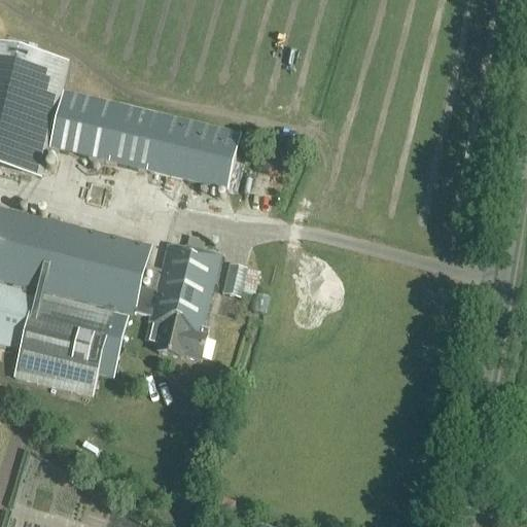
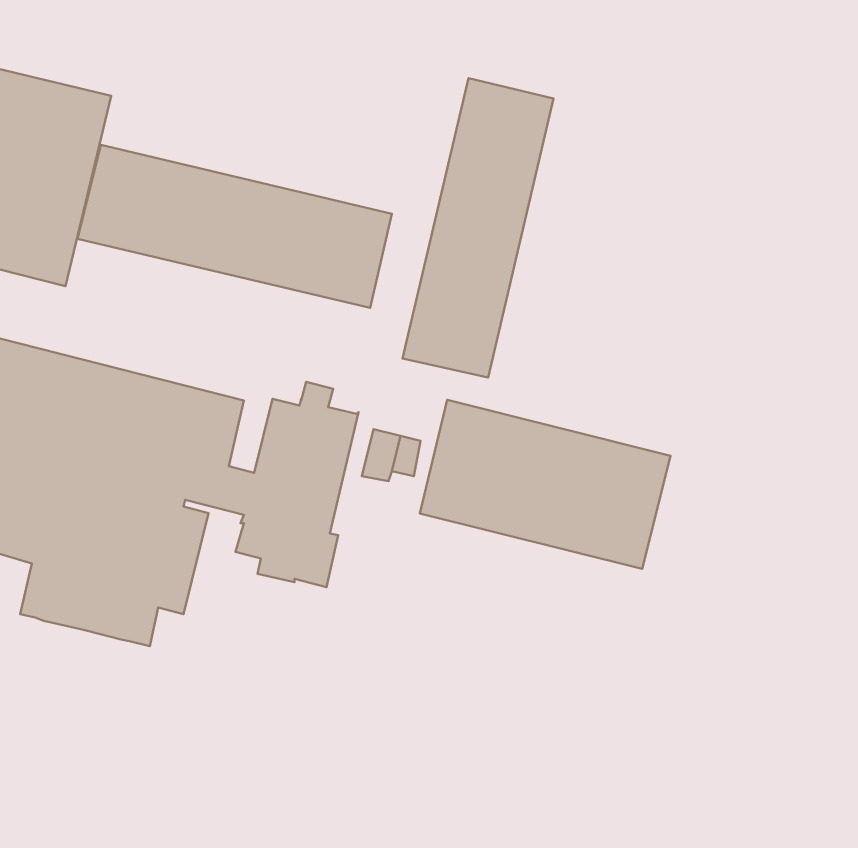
building: none -> [402,78,554,378]
building: none -> [420,400,671,569]

